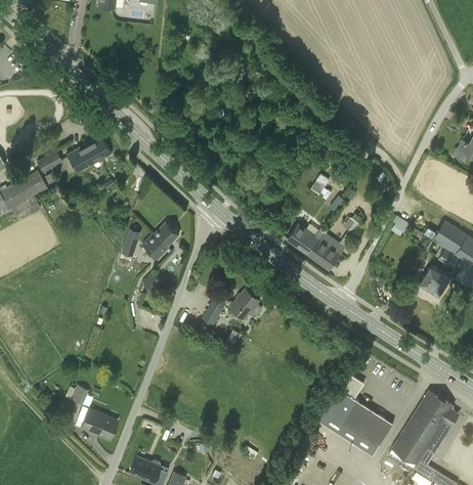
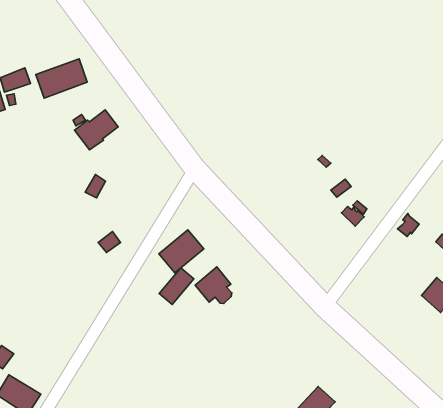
building: [142,222,178,258] -> [75,110,118,150]
building: [286,223,343,269] -> none
building: none -> [159,230,204,273]

